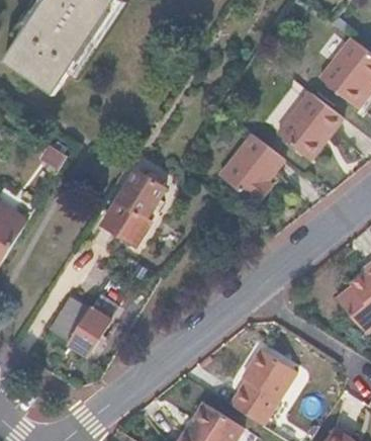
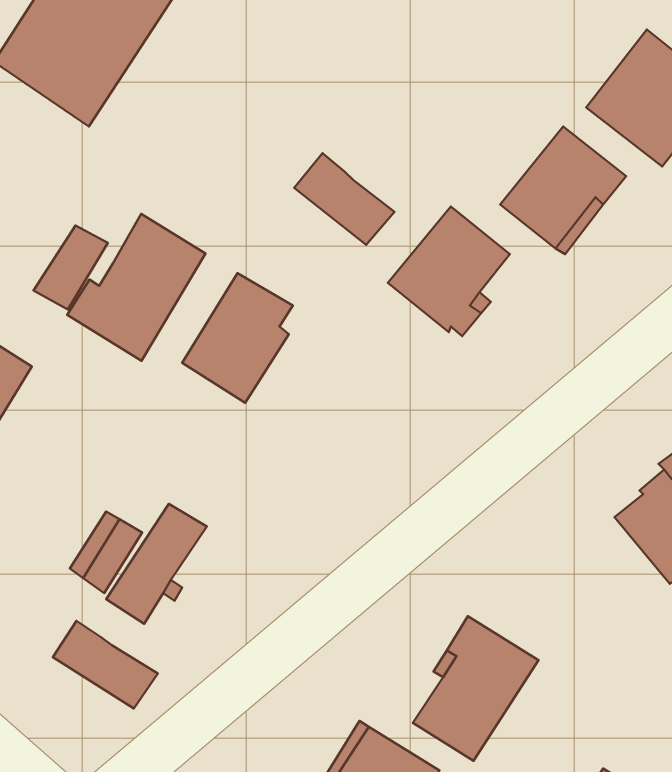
building: none -> [294,153,395,245]
building: none -> [67,214,206,361]
building: none -> [53,621,158,708]

